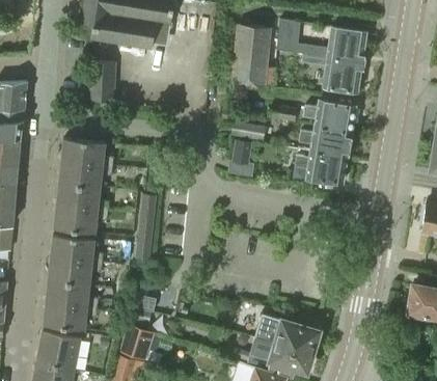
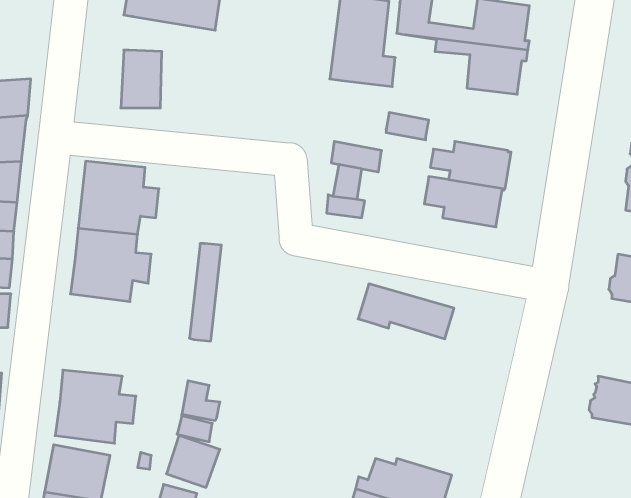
building: [303,100,356,130] -> none
building: [49,234,103,283] -> none
building: [254,314,320,351] -> [358,284,454,339]

